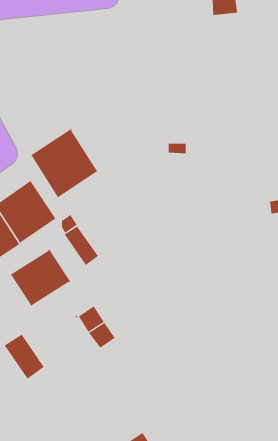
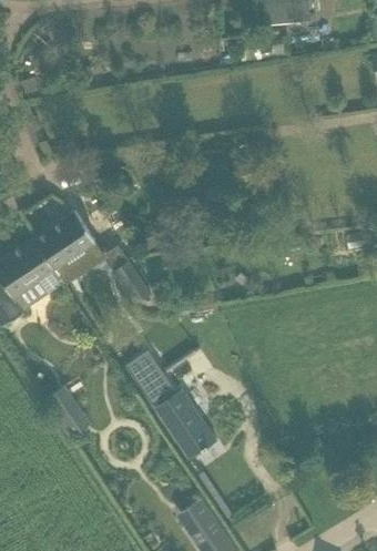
building: [30,128,100,198] -> none
building: [10,249,71,308] -> none
building: none -> [153,388,214,458]

